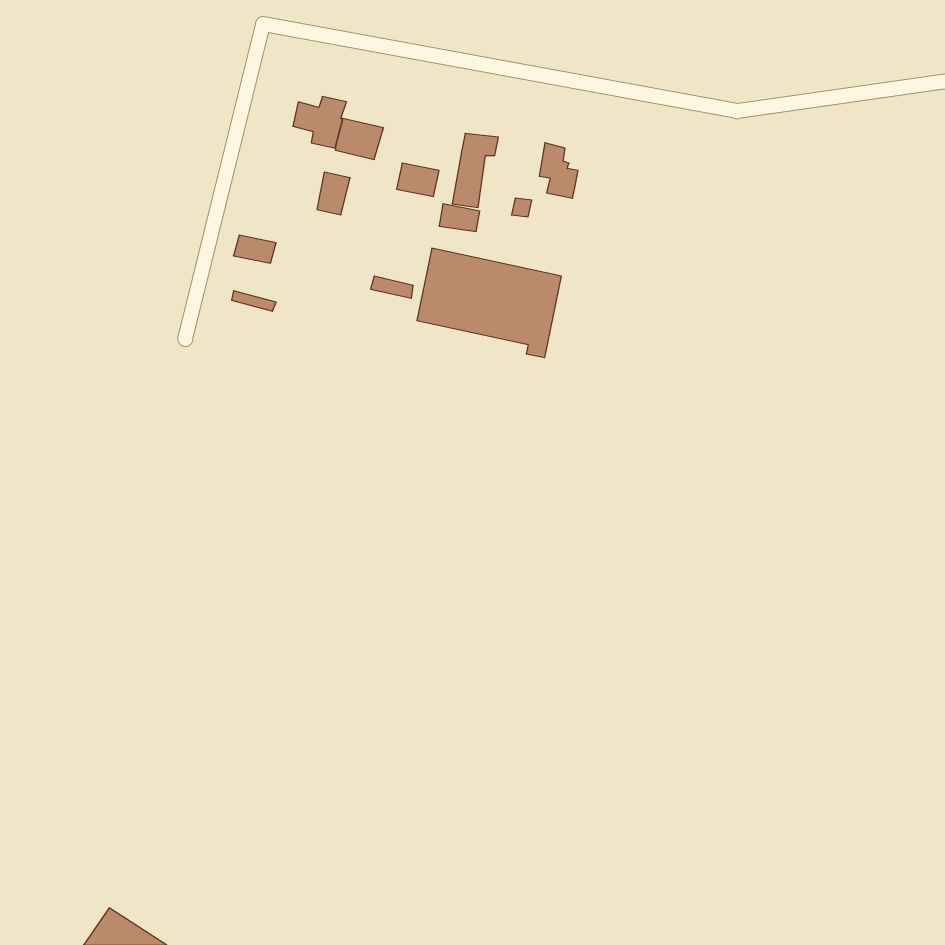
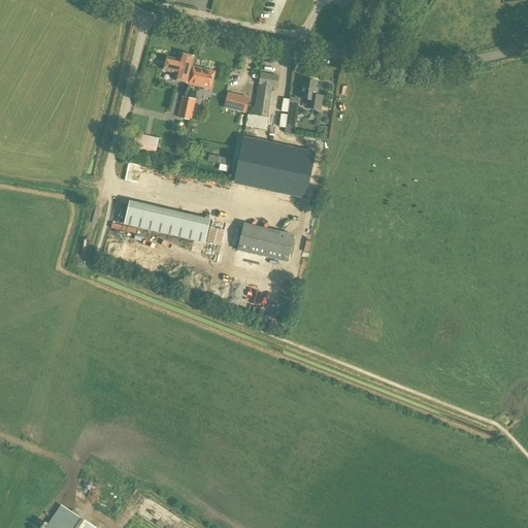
building: none -> [126,201,224,245]
building: none -> [239,223,296,261]

